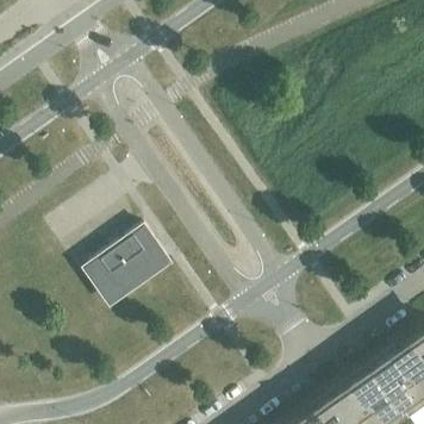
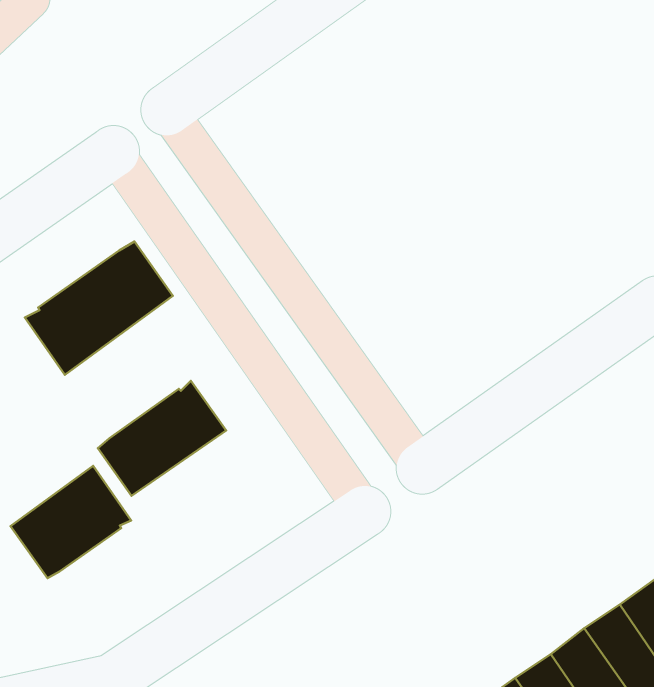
building: none -> [25,241,173,375]
building: none -> [11,466,131,578]

